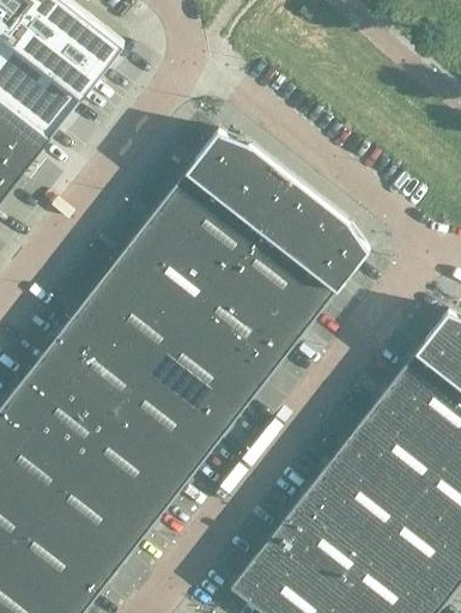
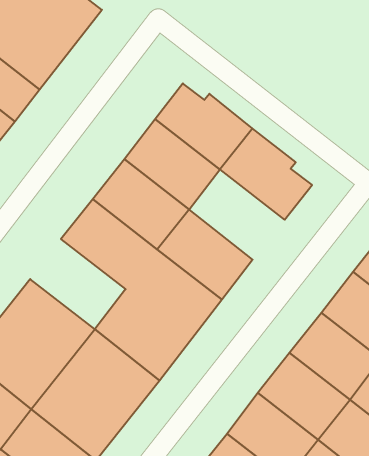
building: [225,231,336,336] -> none
building: [40,312,151,418] -> none

